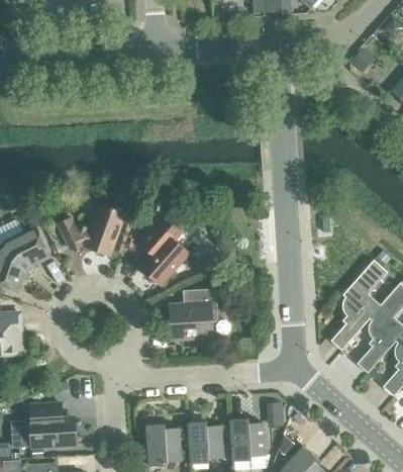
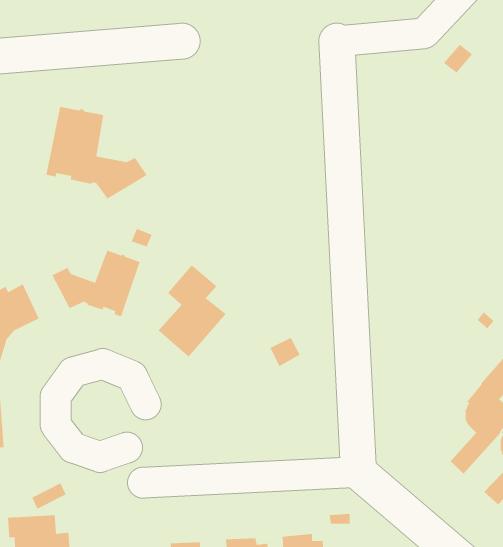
building: none -> [46,106,148,200]
building: [330,260,387,350] -> none
building: [170,288,217,339] -> none

